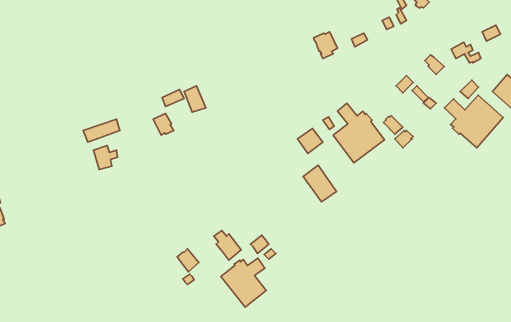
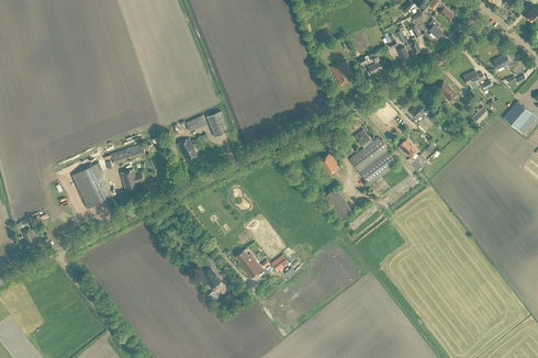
building: [444,95,503,148] -> none
building: none -> [71,163,113,209]
building: [221,258,266,307] -> none

